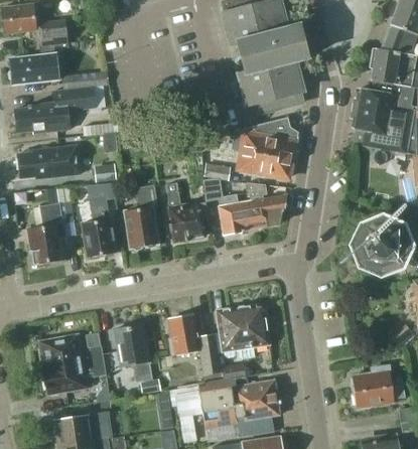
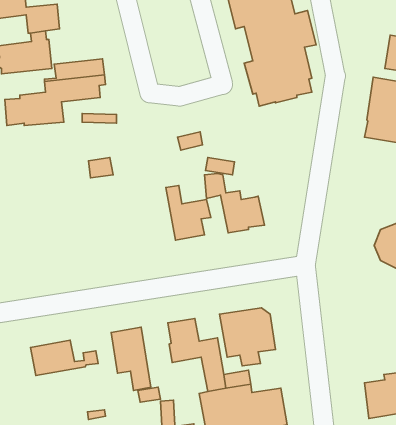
building: [227,116,295,176] -> none
building: [18,144,81,178] -> none
building: [246,182,286,227] -> none
building: [125,184,160,250] -> none
building: [82,194,116,257] -> none
building: [28,202,65,266] -> none
building: [42,356,106,394] -> none

